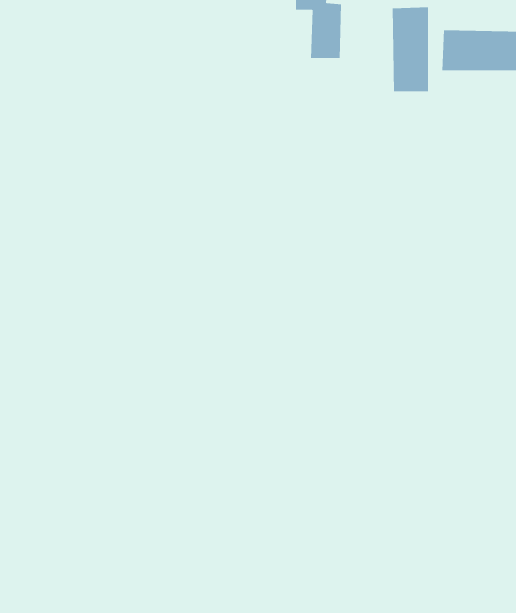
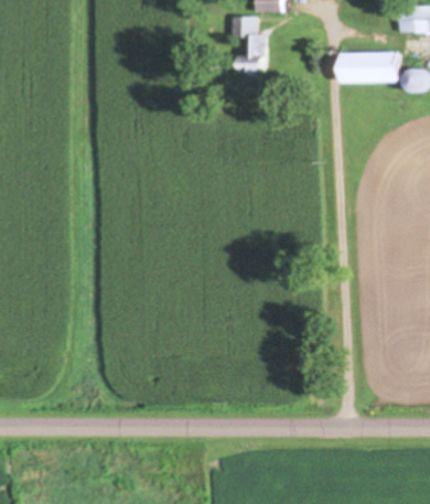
building: [392,6,428,92] -> none

